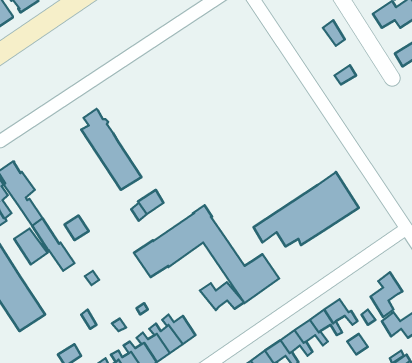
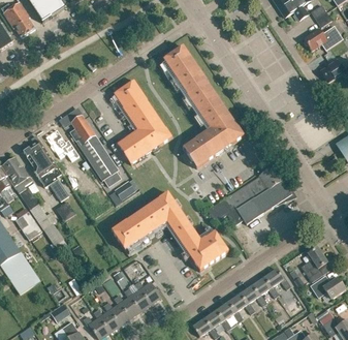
building: none -> [162,44,244,167]
building: none -> [114,79,171,163]
building: none -> [22,138,68,199]
building: [200,282,244,310] -> none

